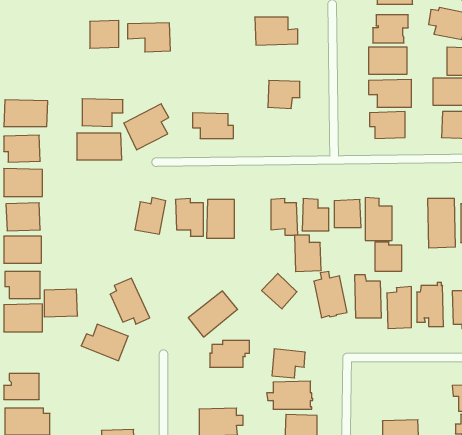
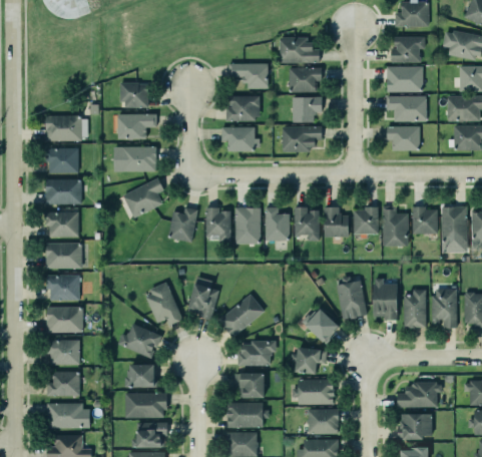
building: [90,20,119,48] -> [121,83,148,109]
building: [128,23,170,52] -> [228,63,269,90]
building: none -> [289,68,322,93]
building: none -> [224,95,259,120]
building: [124,104,169,150] -> [120,174,162,217]
building: none -> [283,127,322,151]
building: [294,235,321,272] -> [265,207,290,242]
building: [375,242,402,271] -> [411,206,436,234]
building: none -> [187,277,219,319]
building: [262,273,297,309] -> [304,309,337,342]
building: [44,289,78,317] -> [49,340,80,366]
building: none -> [126,365,156,388]
building: none -> [234,374,265,399]
building: none -> [397,383,439,408]
building: none -> [124,393,166,418]

